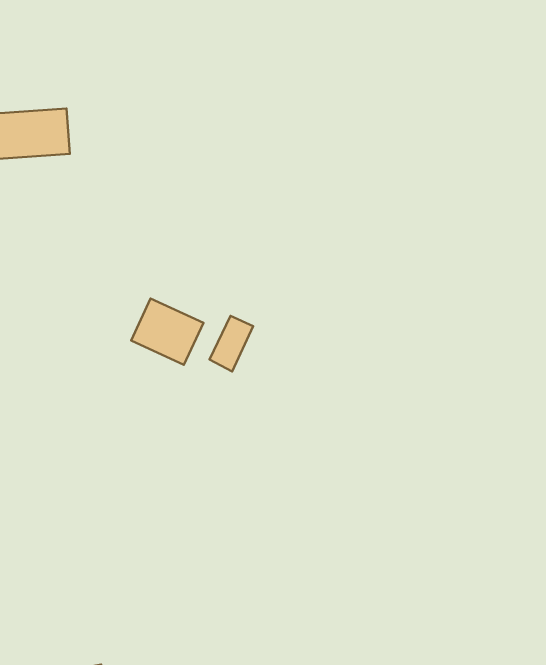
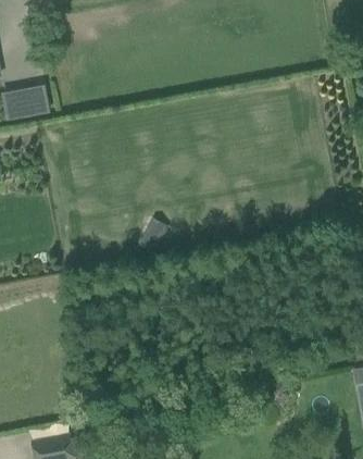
building: [131,298,204,365] -> none

